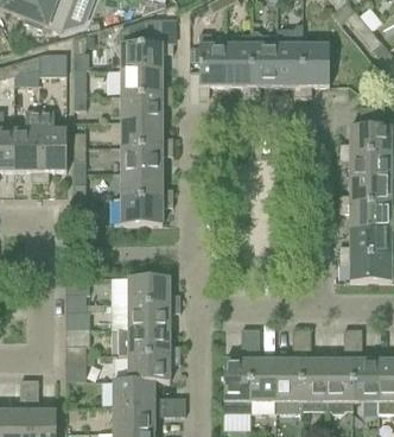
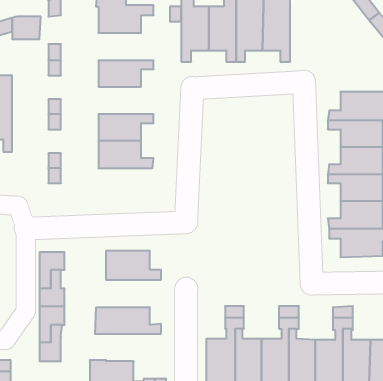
building: [303,44,329,96] -> none
building: [121,69,173,95] -> none
building: [39,109,66,182] -> none
building: [121,120,173,146] -> none
building: [114,197,172,223] -> none
building: [128,303,180,329] -> none
building: [128,354,180,381] -> none

